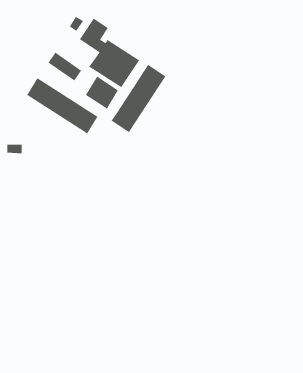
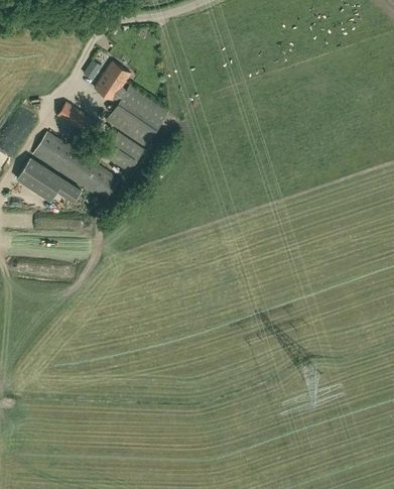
building: [111,64,167,133] -> none
building: none -> [16,158,81,202]

